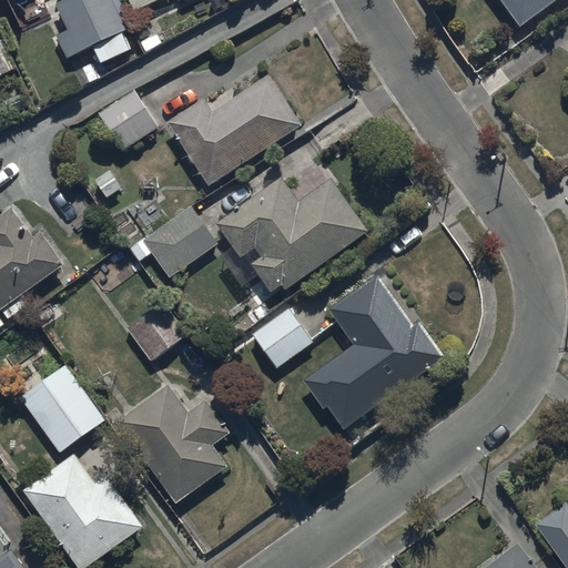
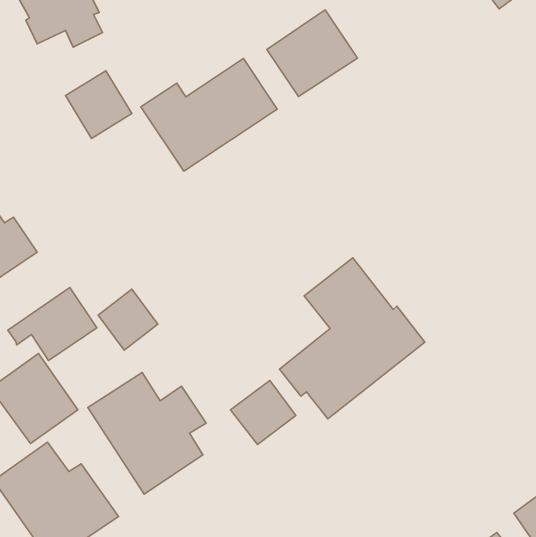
building: none -> [267,10,357,97]
building: [216,176,368,291] -> none
building: [129,206,216,278] -> [8,287,97,361]
building: [248,305,313,368] -> [230,380,296,445]

